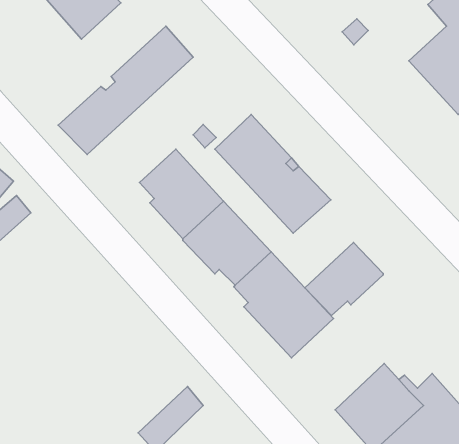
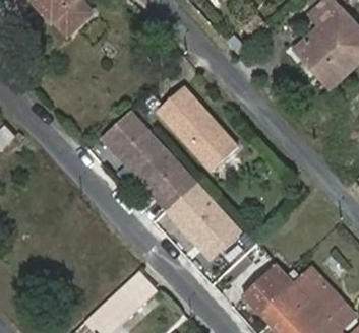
building: [58,26,193,155] -> none
building: [305,242,383,316] -> none

